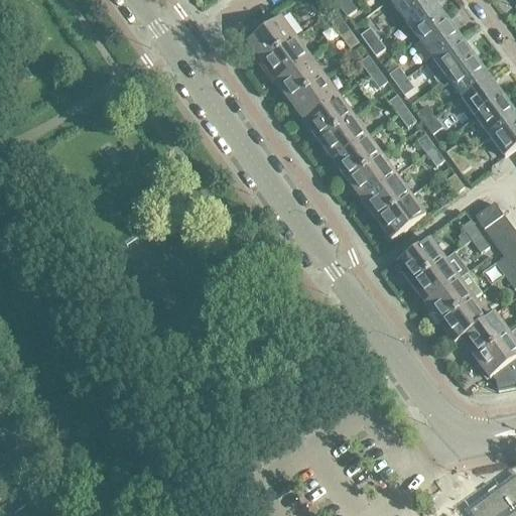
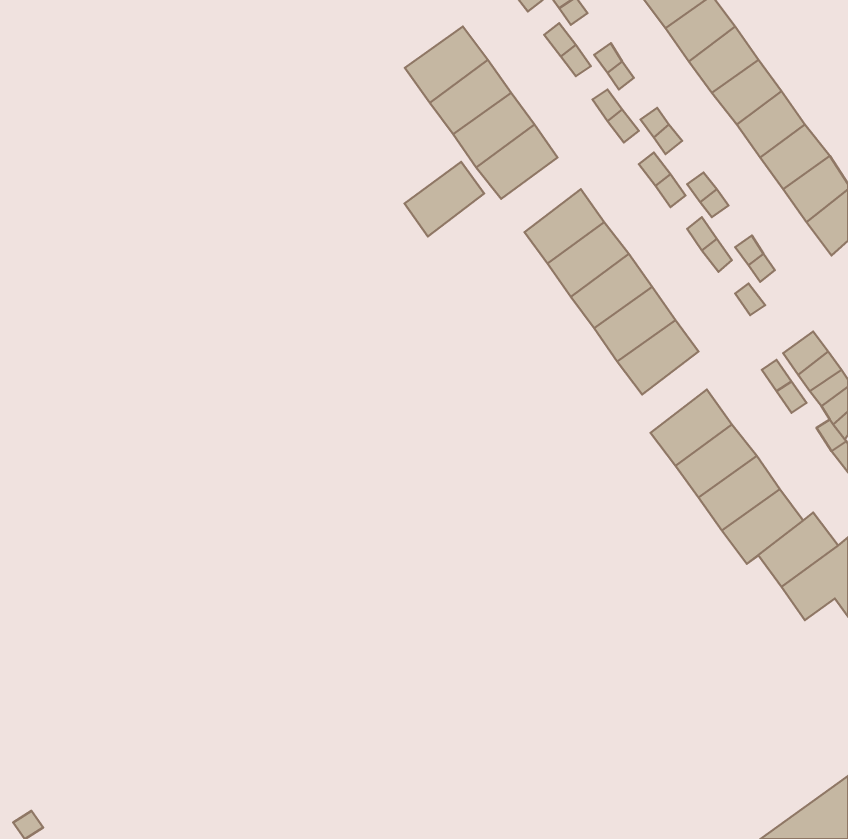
building: [304,96,353,141] -> [405,162,484,237]

